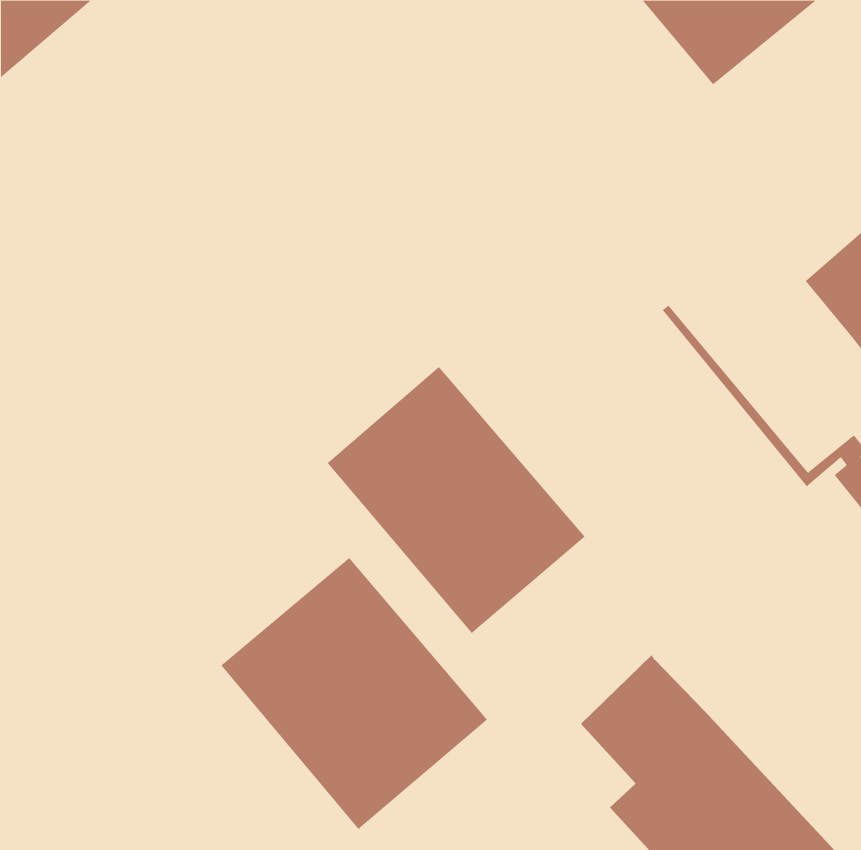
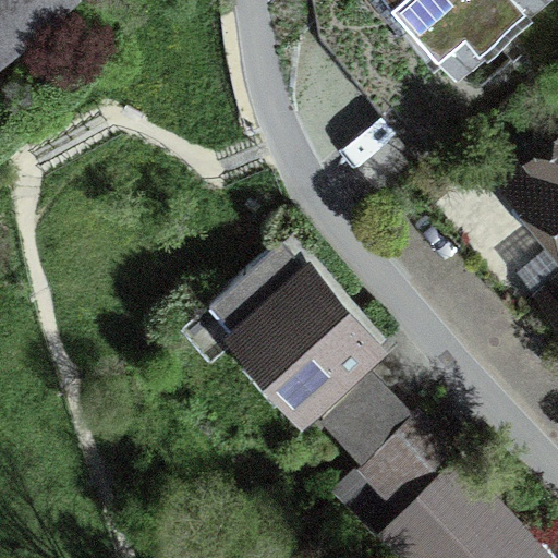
building: [220,557,488,830] -> none
building: none -> [327,380,415,468]

